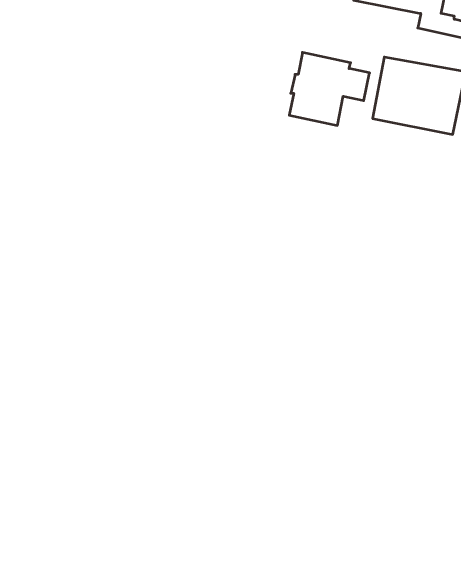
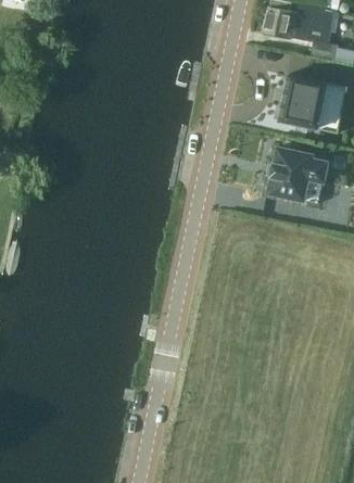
building: [289,52,370,125] -> [267,149,327,203]

